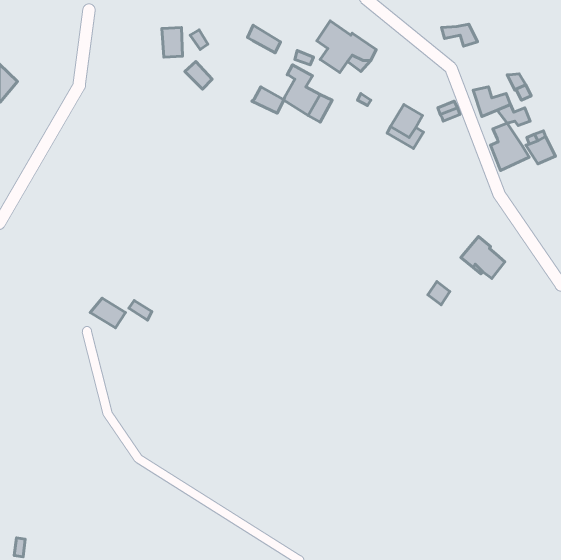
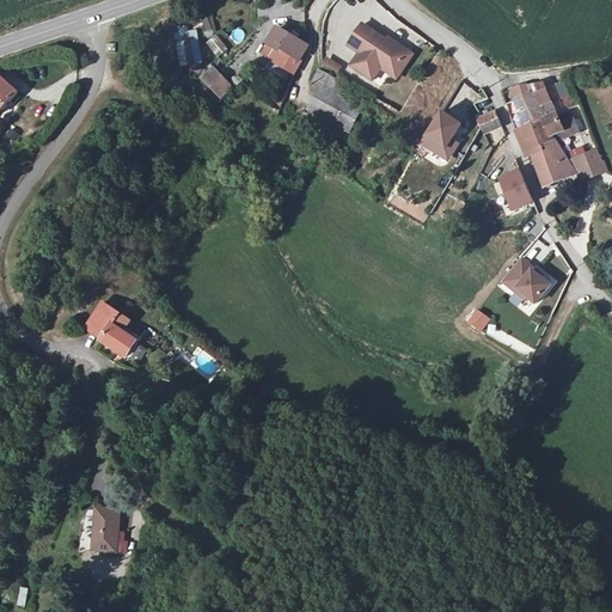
building: [441,24,478,46] -> [510,82,550,106]
building: [252,87,284,113] -> [265,44,300,73]
building: none -> [515,120,551,157]
building: none -> [500,170,532,209]
building: none -> [81,304,120,339]
building: none -> [90,506,126,551]

